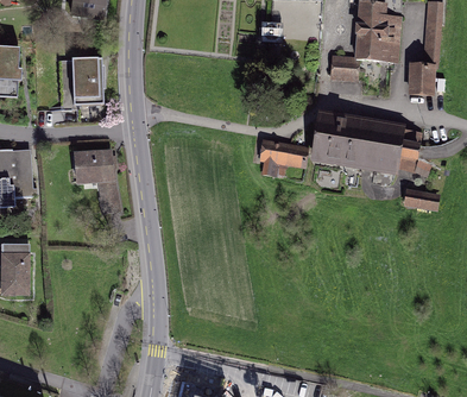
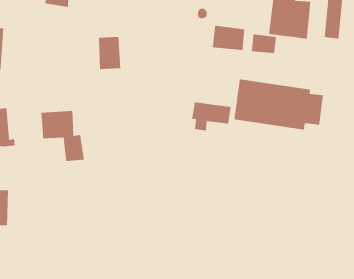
building: none -> [212,25,245,51]
building: [74,61,102,102] -> [98,36,121,70]
building: [404,64,437,96] -> none
building: [402,185,438,208] -> none

